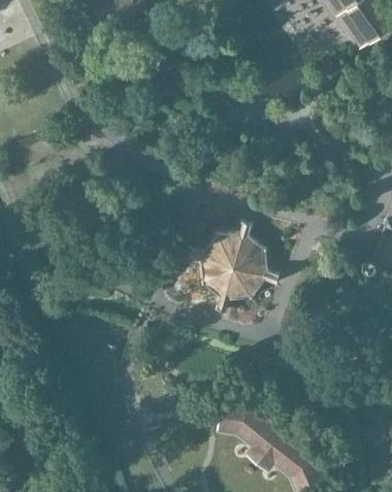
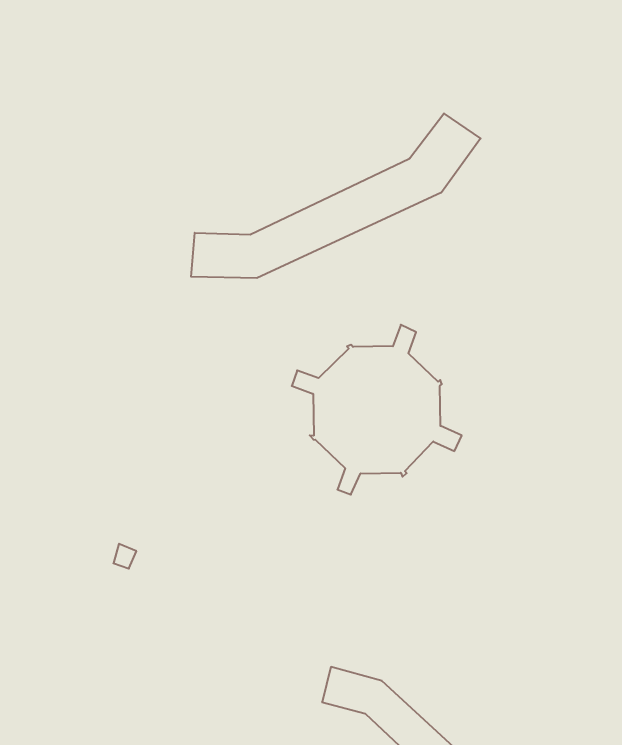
building: none -> [191,113,481,278]

